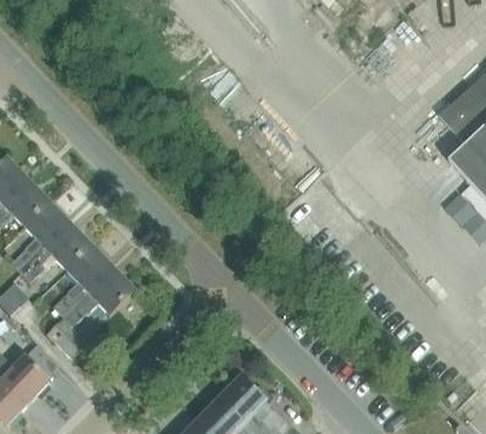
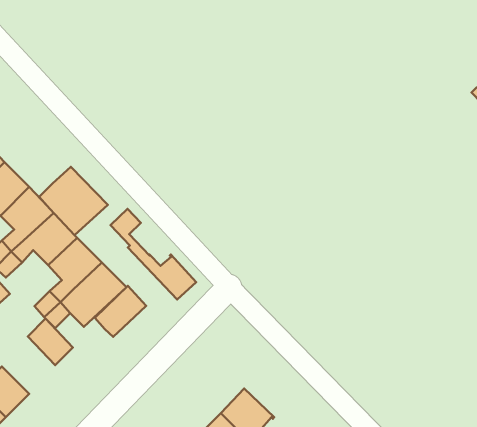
building: none -> [39,167,108,235]
building: none -> [111,209,196,299]
building: none -> [95,286,146,337]

